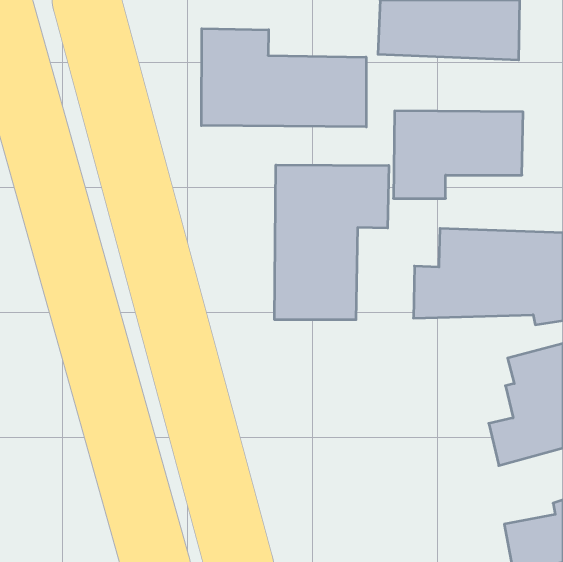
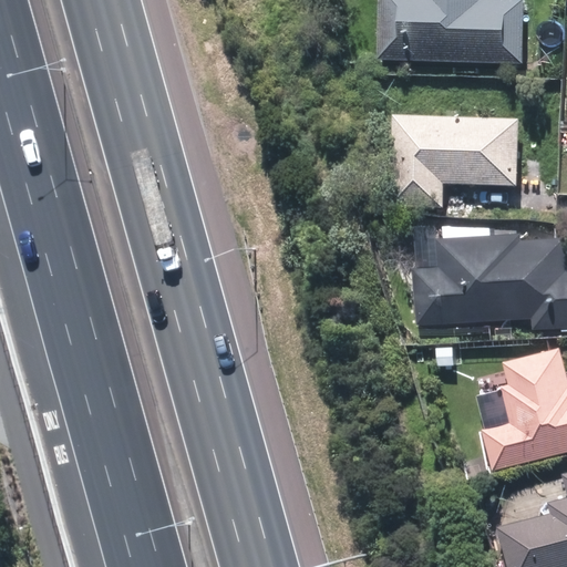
building: [201,29,366,127] -> none
building: [275,165,389,320] -> none

